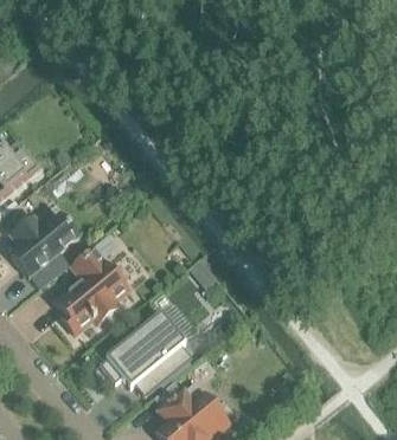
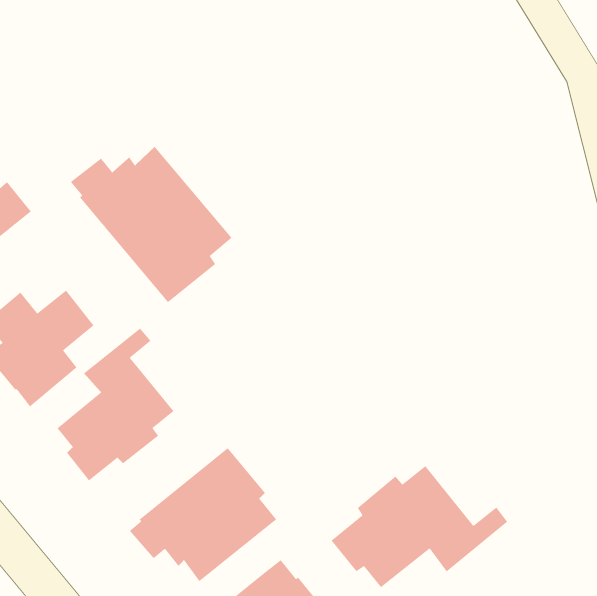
building: none -> [70,146,233,303]
building: none -> [331,465,508,588]

